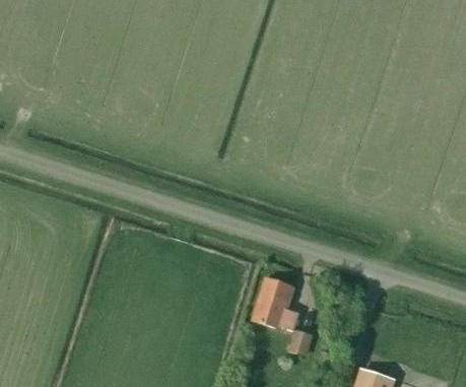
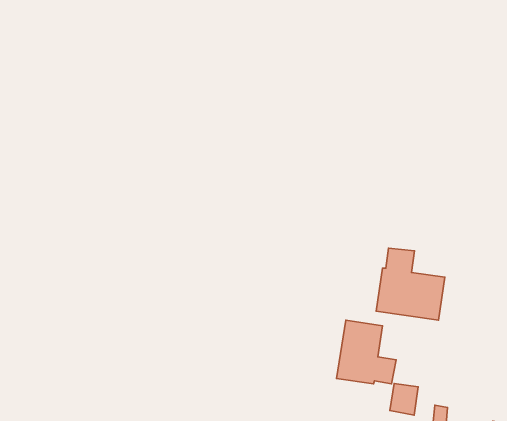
building: none -> [376,248,445,320]

